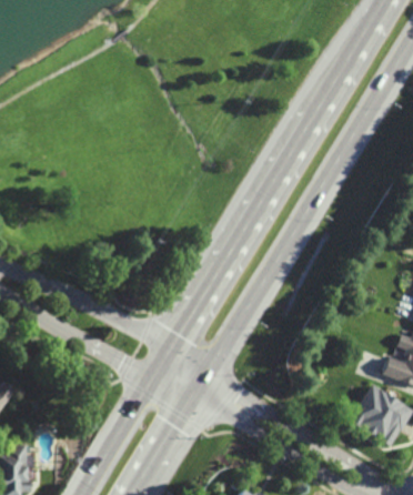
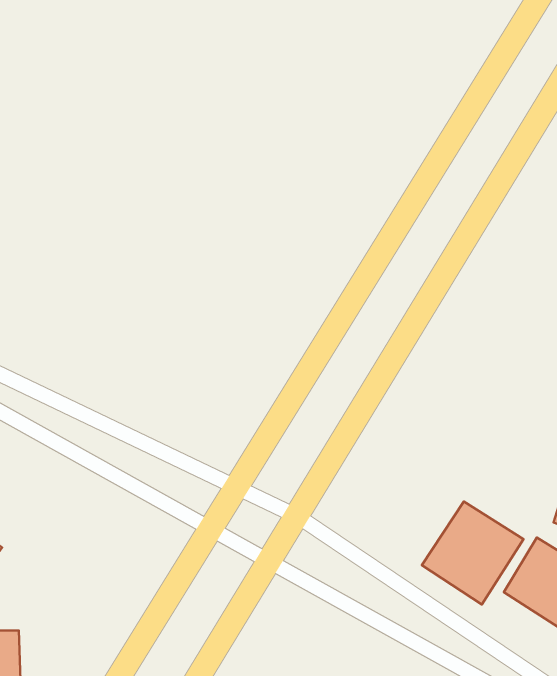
building: none -> [422,501,524,605]

